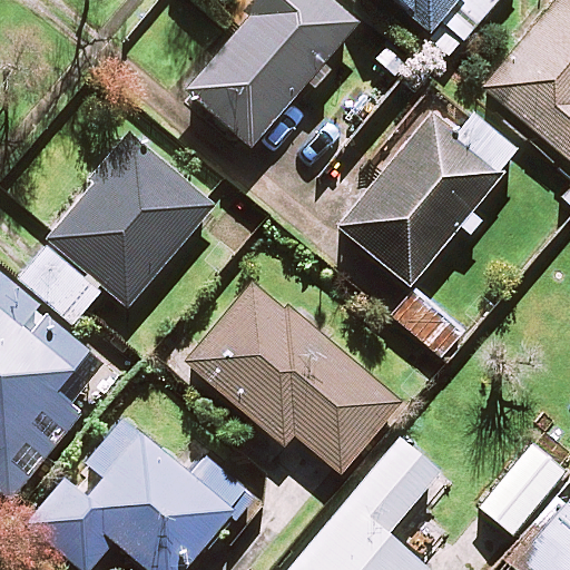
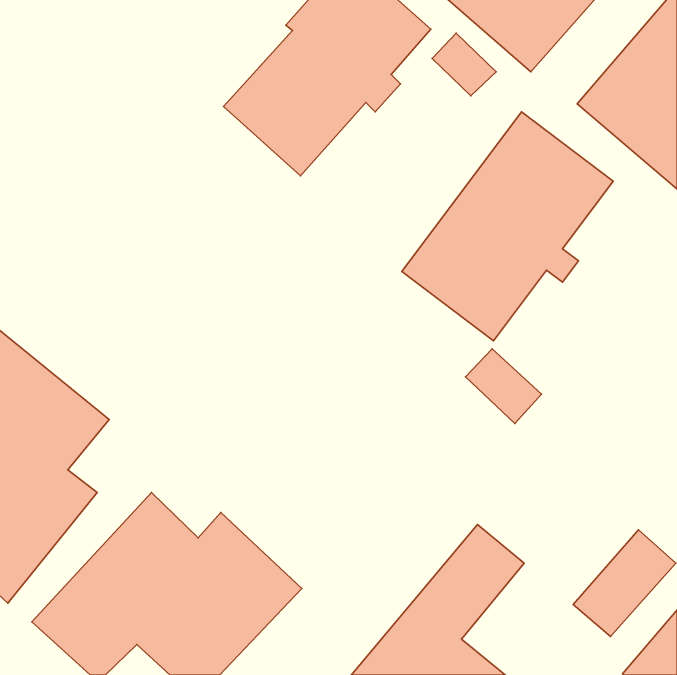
building: [19,136,213,322] -> none
building: [187,283,400,472] -> none

